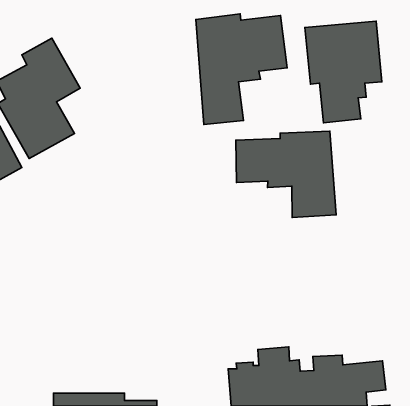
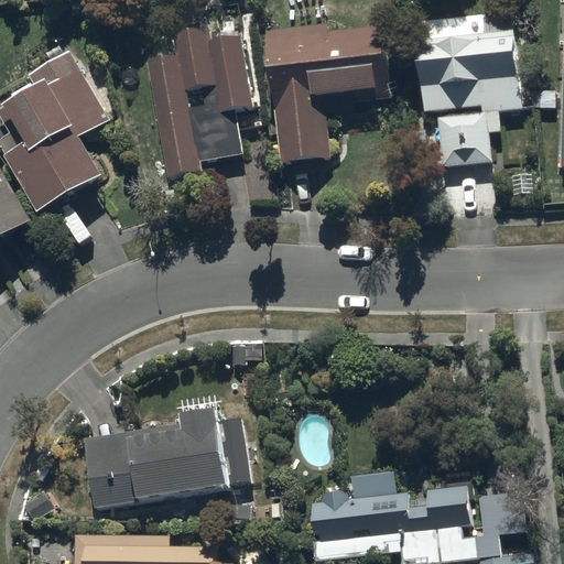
building: none -> [147,30,252,176]
building: [236,131,336,218] -> none
building: none -> [80,414,250,510]

